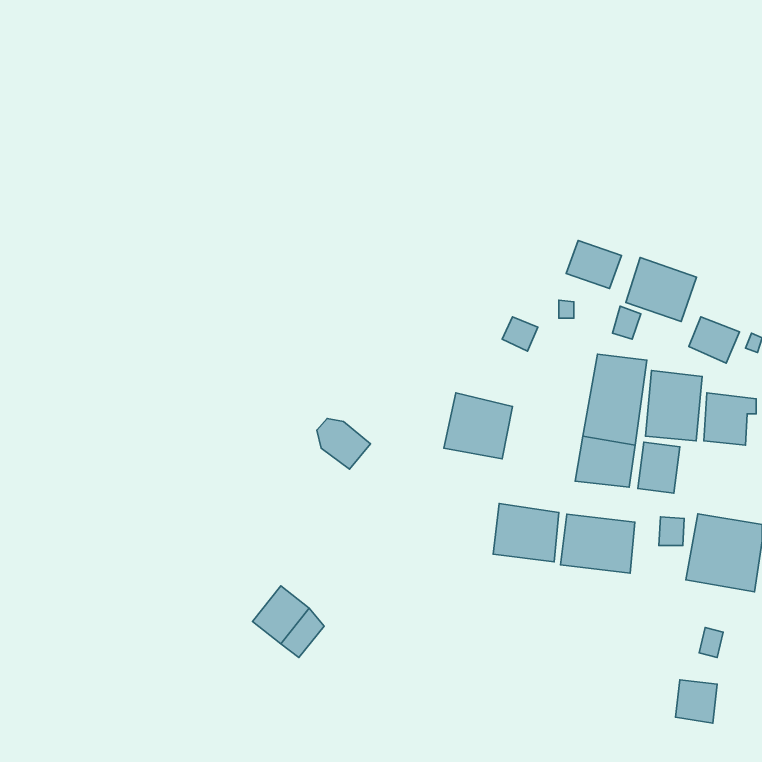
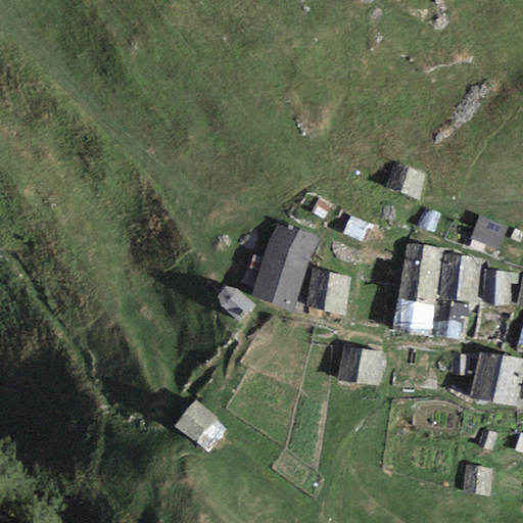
building: [626,258,697,322] -> none
building: none -> [250,224,318,311]
building: [560,514,635,573] -> none

